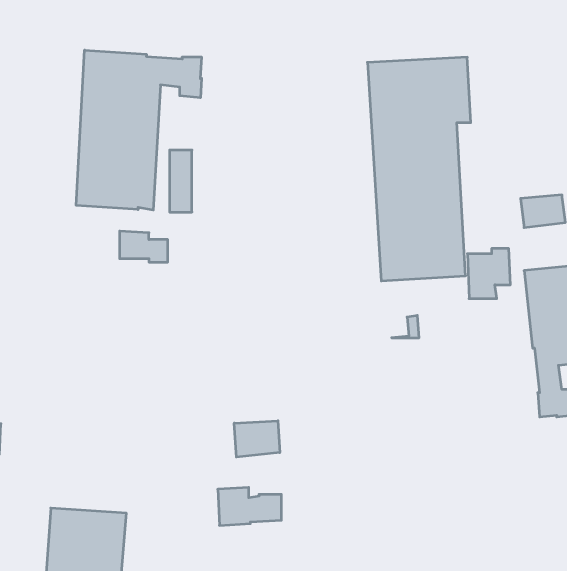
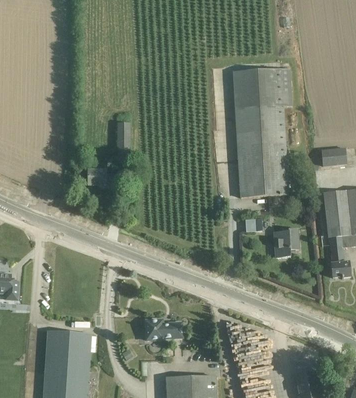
building: [76,50,202,210] -> none
building: [467,249,510,299] -> [274,228,299,257]
building: [234,421,280,457] -> none

